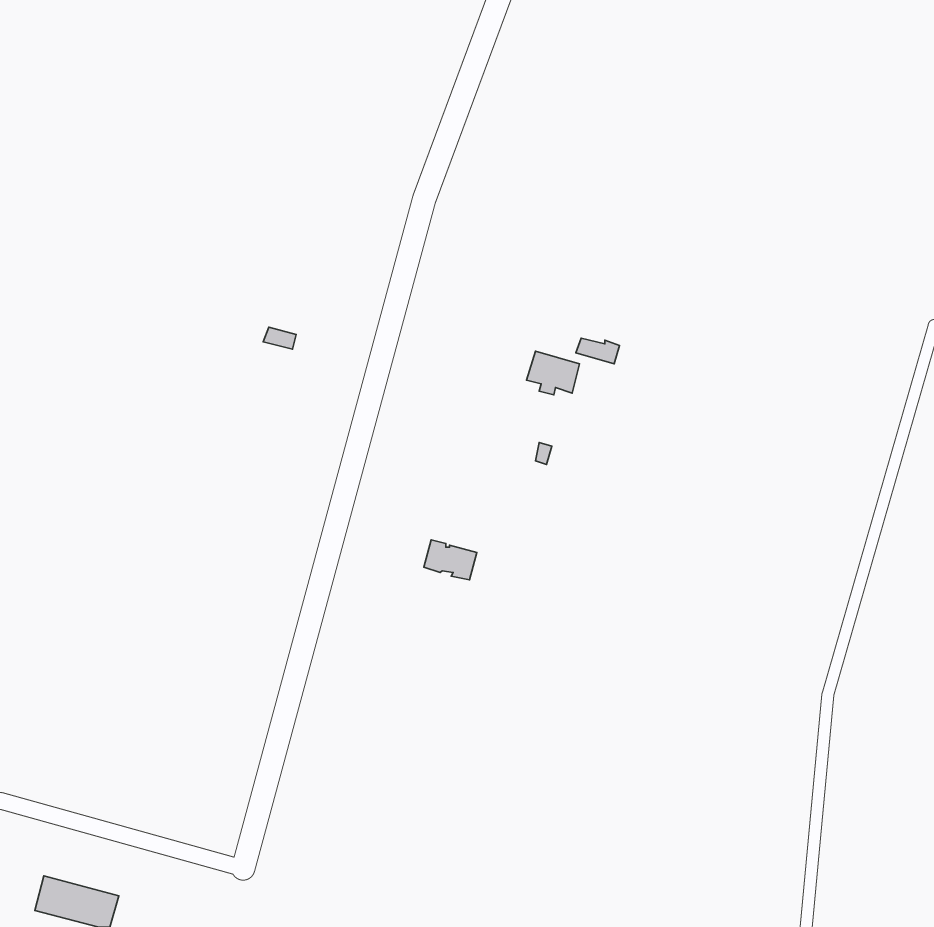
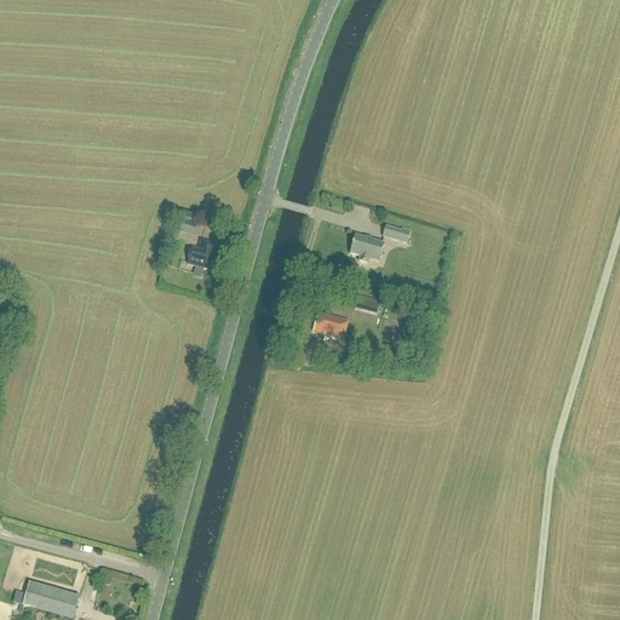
building: none -> [186,237,216,268]
building: [424,540,477,580] -> [312,310,348,337]

